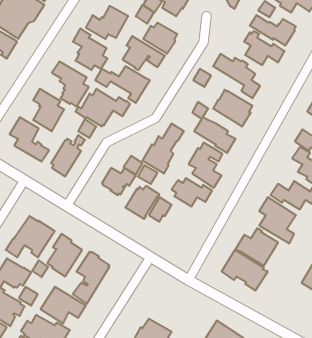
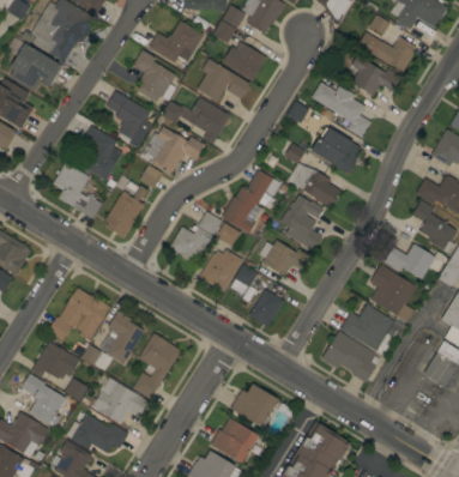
building: none -> [249,289,284,327]
building: none -> [230,384,279,428]

